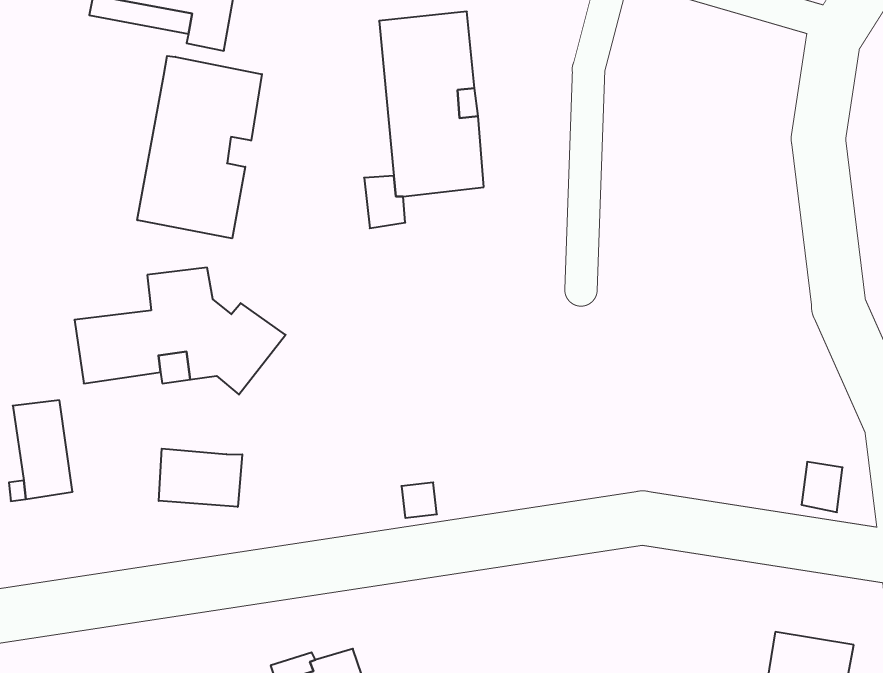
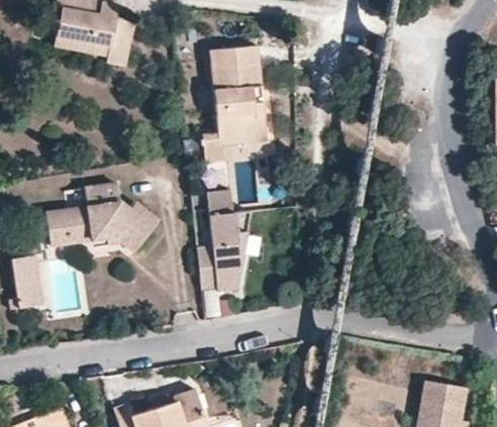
building: [137,56,262,238] -> none
building: none -> [197,191,251,292]
building: [159,449,242,507] -> none

